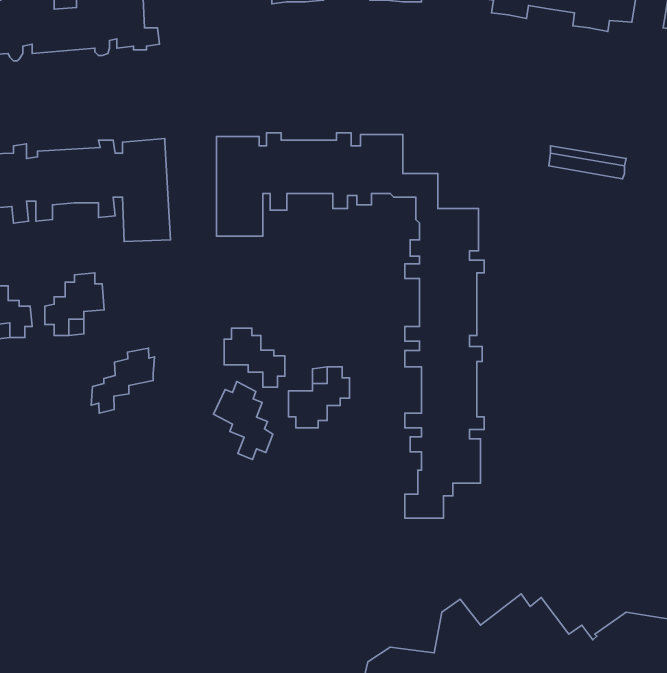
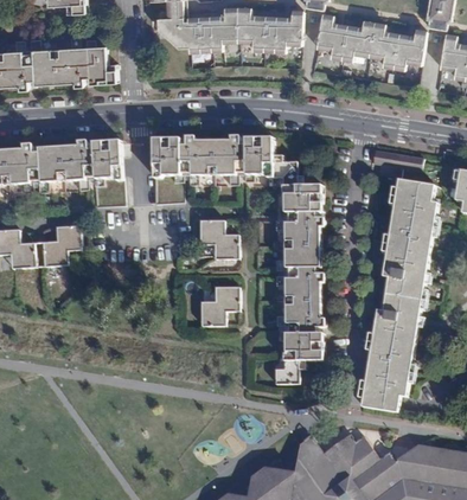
building: none -> [363,177,434,409]
building: [224,328,285,387] -> [199,220,238,258]
building: [91,348,154,413] -> none
building: [213,382,273,460] -> none

